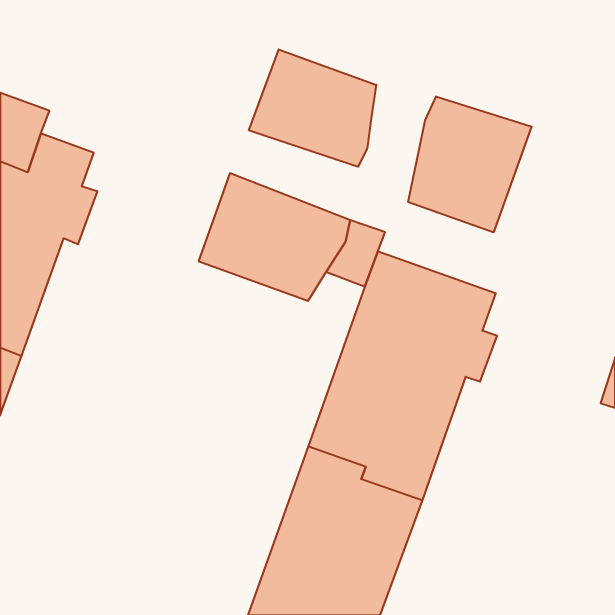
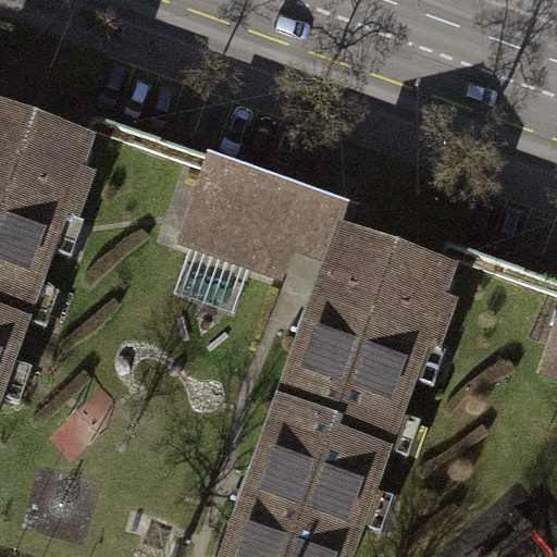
building: [249,49,376,167] -> none
building: [408,96,532,232] -> none

